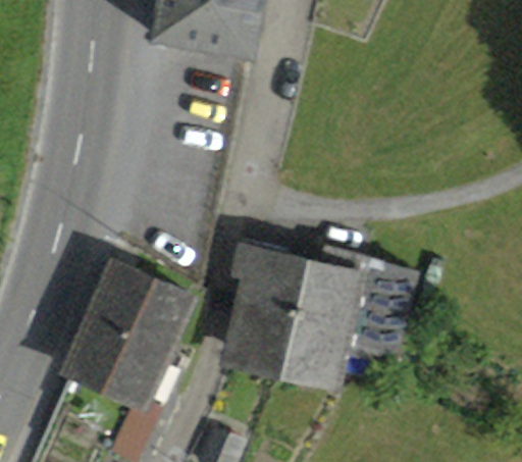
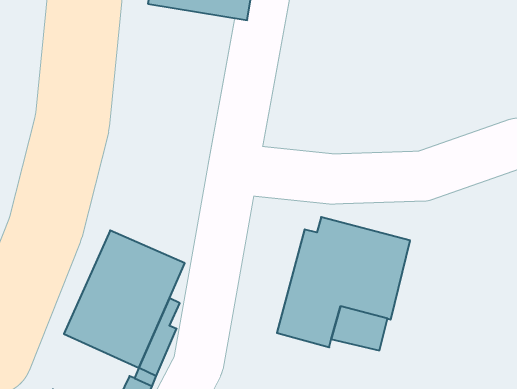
building: [232,248,308,370] -> none

